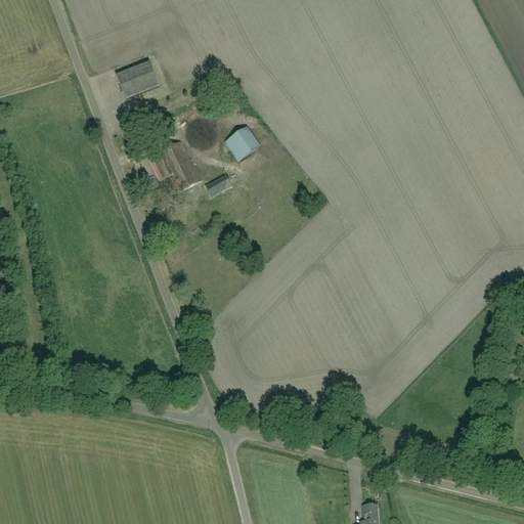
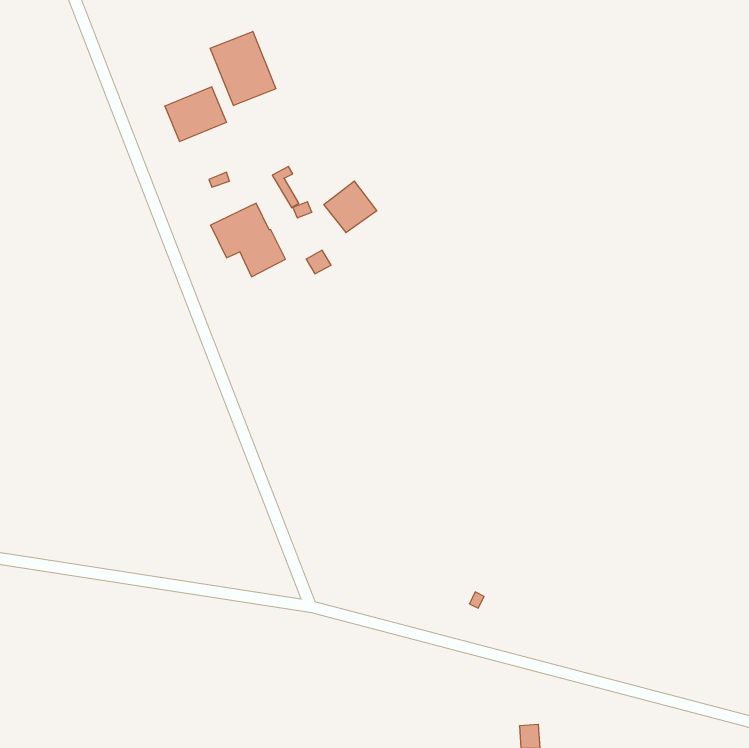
building: none -> [210,31,276,106]

